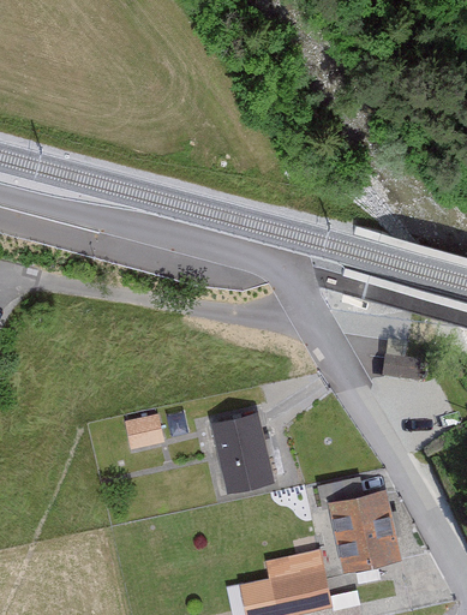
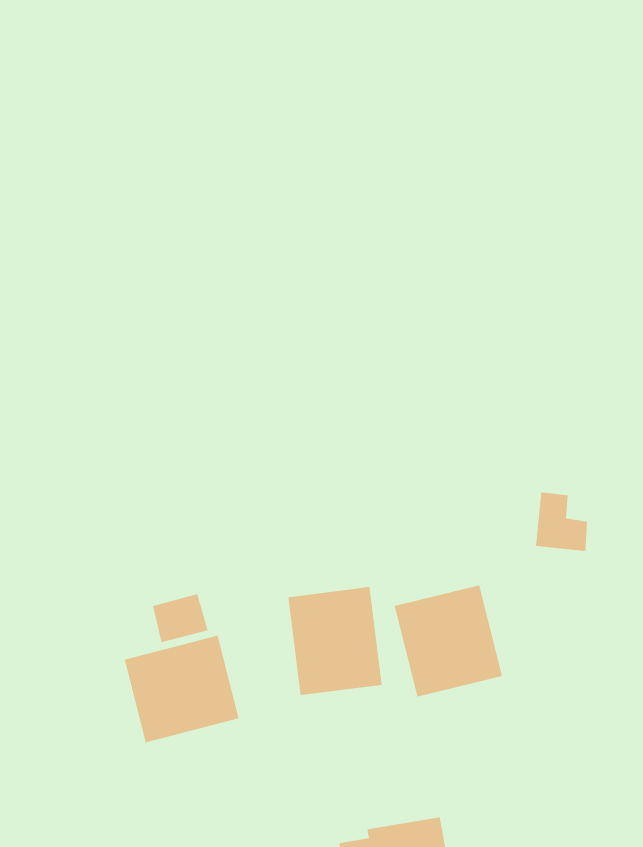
building: none -> [124,635,239,743]
building: [324,492,399,569] -> [394,585,503,697]

